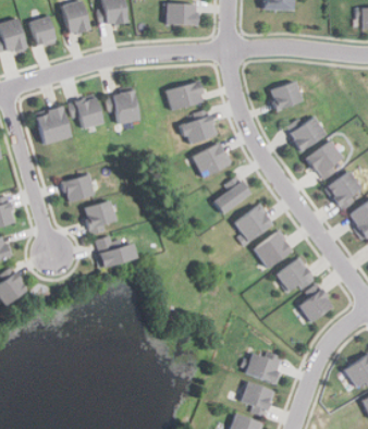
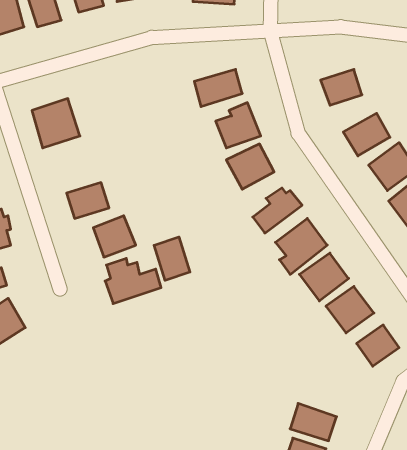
building: [108,88,143,124] -> none
building: [68,94,103,126] -> none
building: none -> [154,237,190,280]

